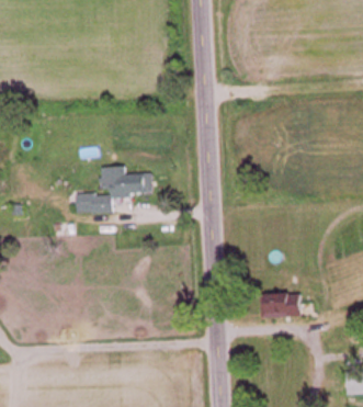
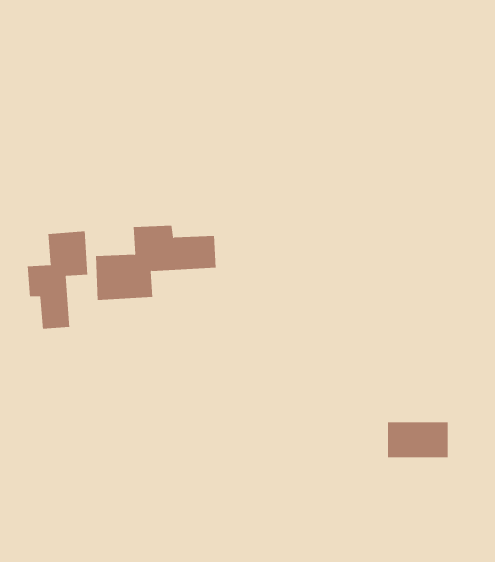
building: none -> [27,231,88,330]

